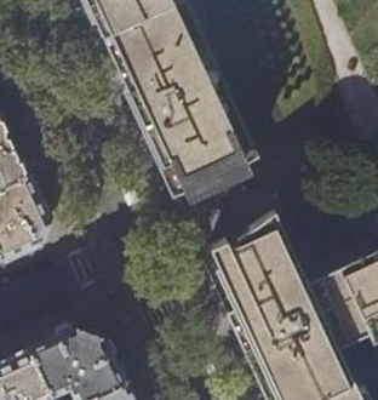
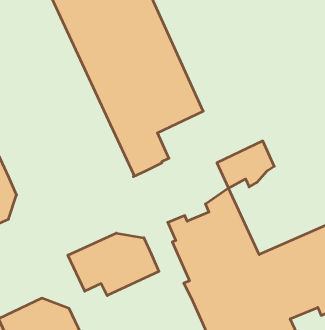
building: [196,130,257,179] -> [217,141,274,188]
building: none -> [68,233,159,296]

